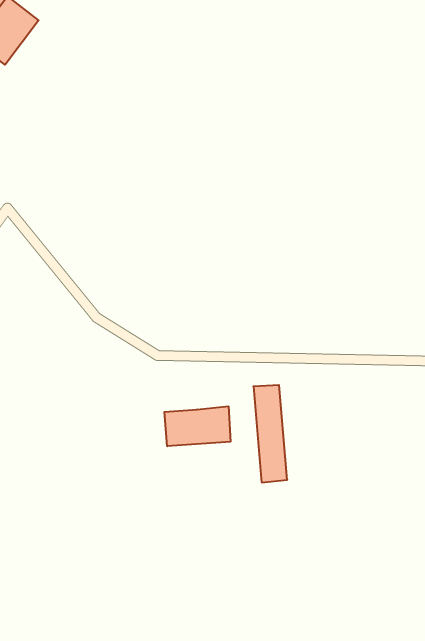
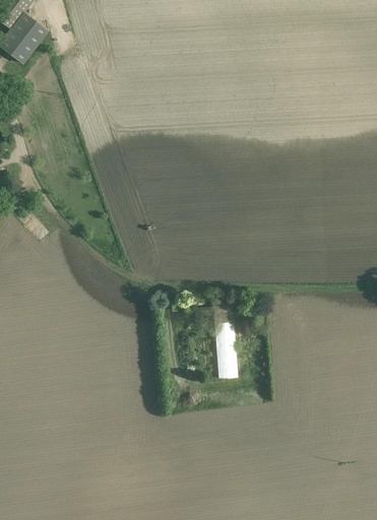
building: [164,406,230,446] -> none

